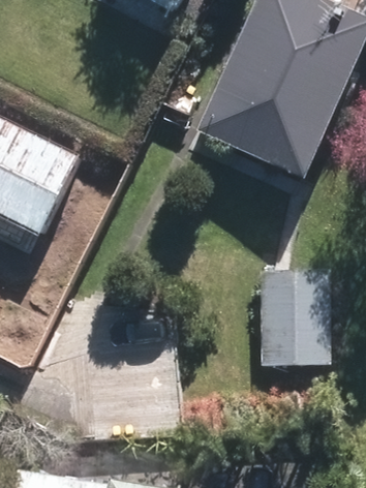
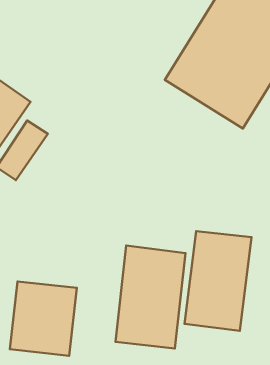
building: none -> [116,245,185,349]

